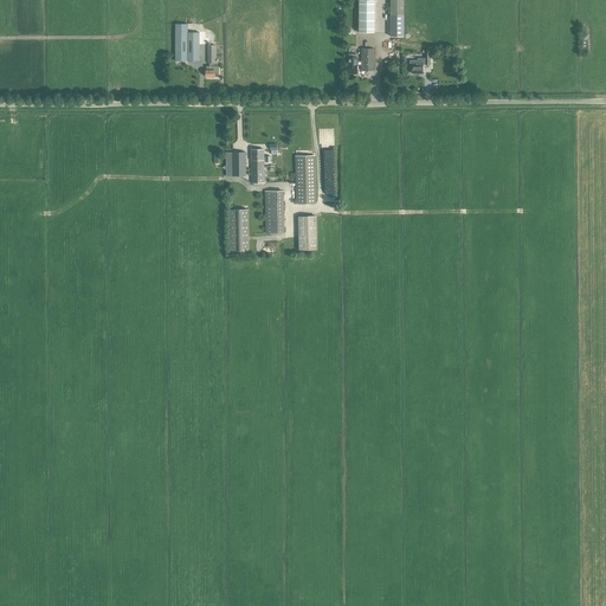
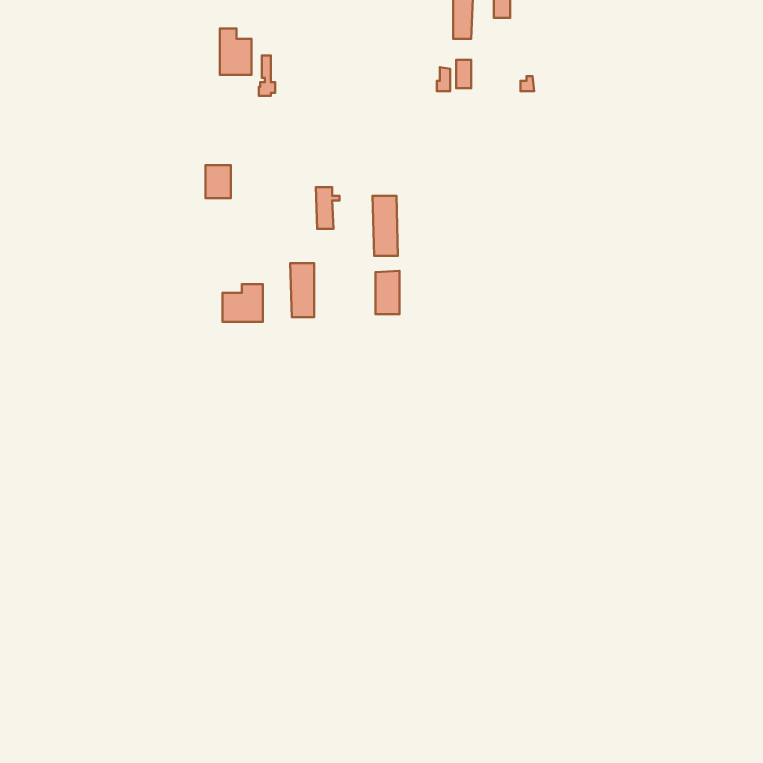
building: [226,152,246,178] -> [206,165,231,198]
building: [265,189,284,232] -> none
building: none -> [223,284,263,322]

